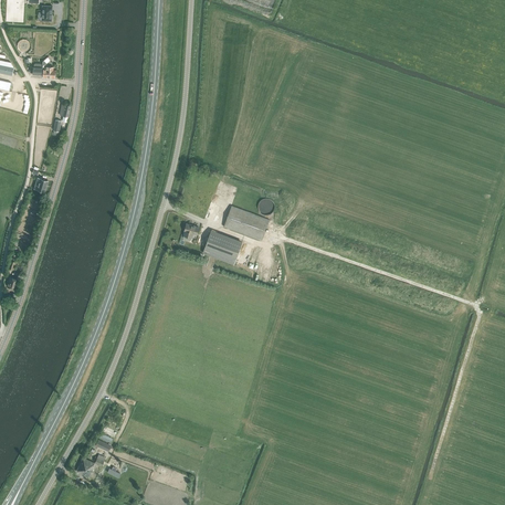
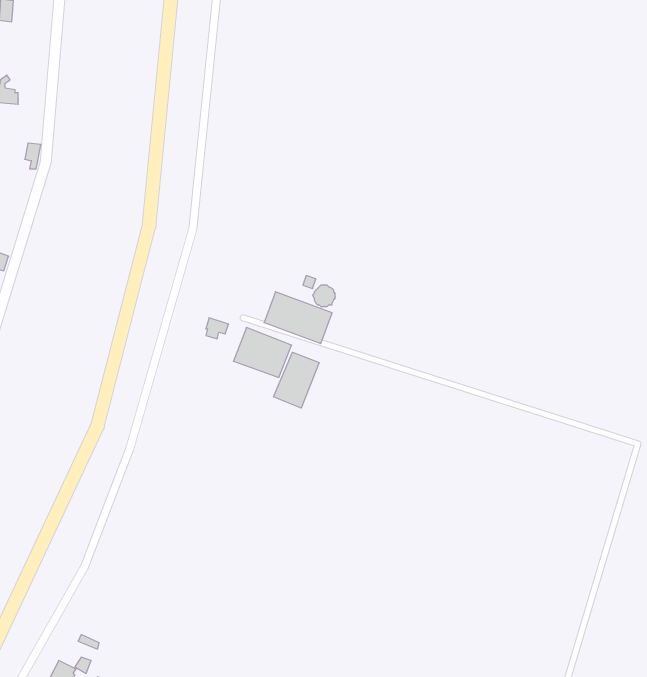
building: none -> [274,352,319,408]

